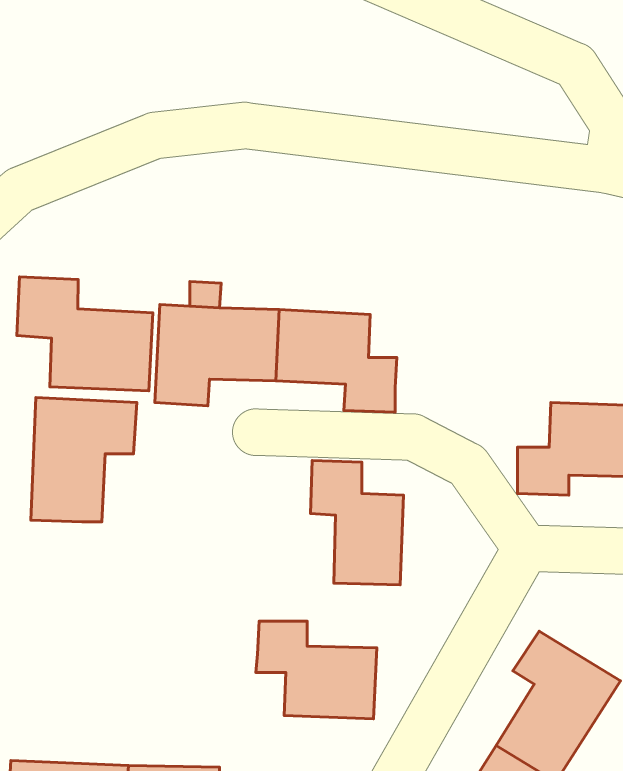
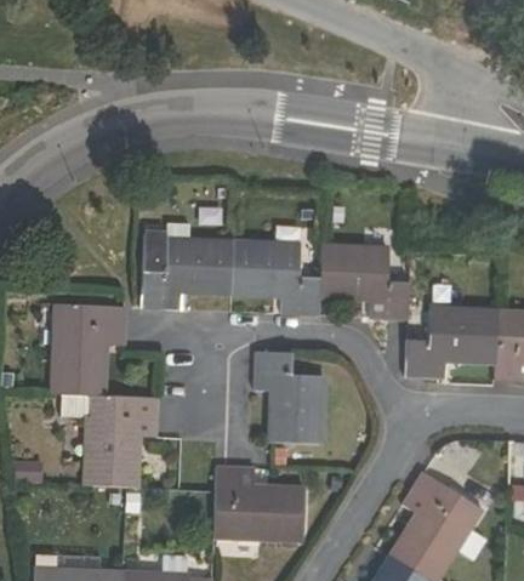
building: [17,277,153,391] -> none
building: none -> [317,245,410,315]
building: none -> [84,395,158,490]

